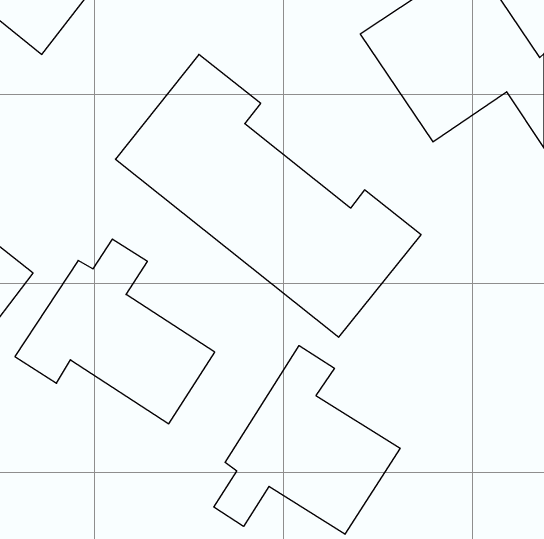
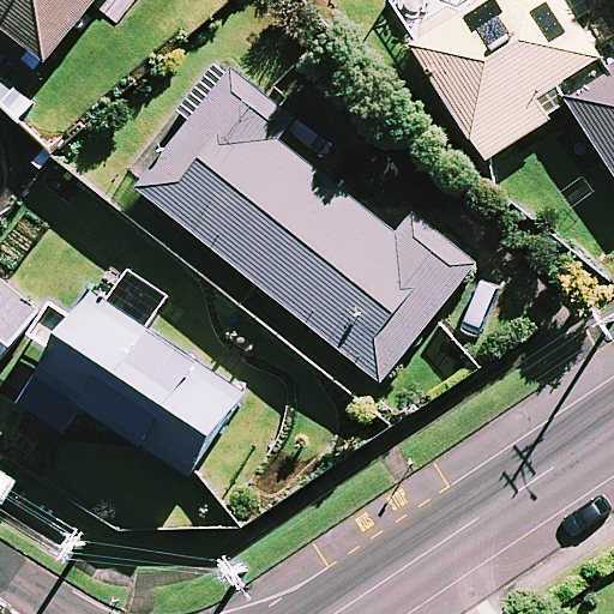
building: [214,346,400,534] -> none

